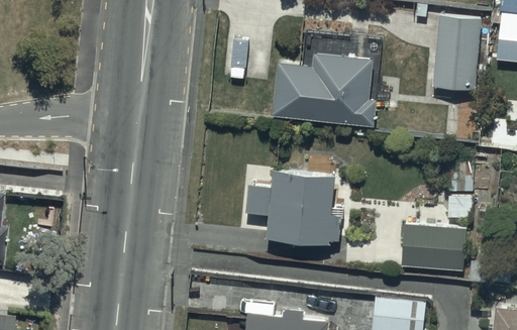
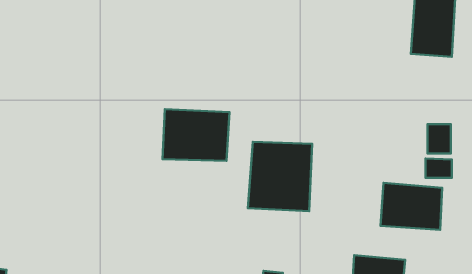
building: [273,58,374,129] -> none
building: none -> [163,109,230,161]

